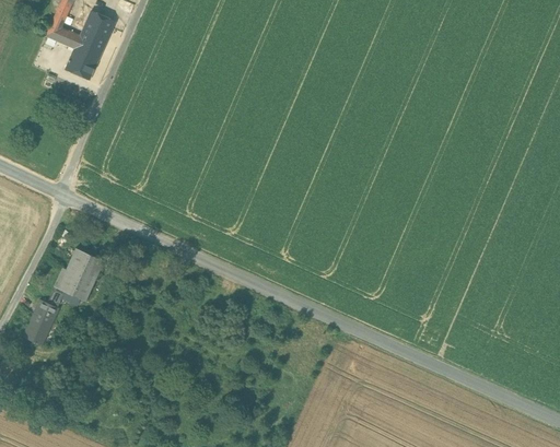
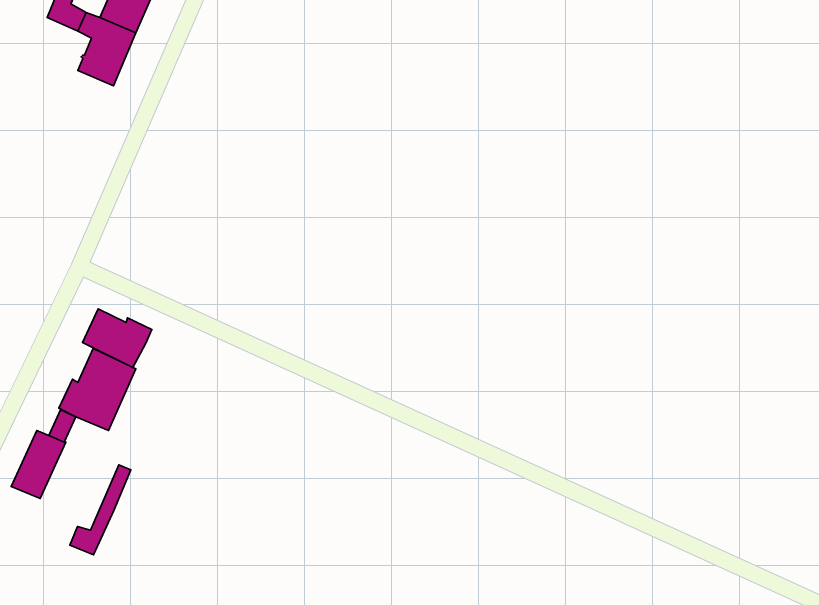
building: none -> [83,309,152,368]
building: none -> [70,465,131,555]

